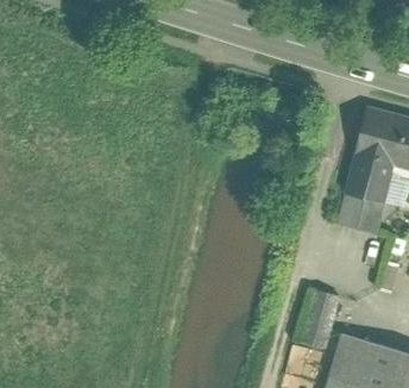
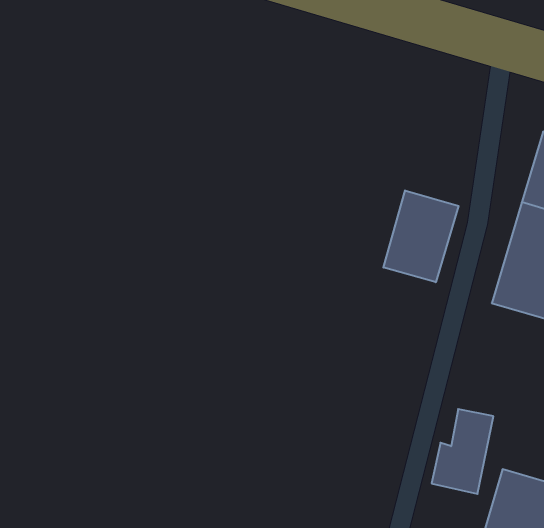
building: none -> [383,190,459,282]

